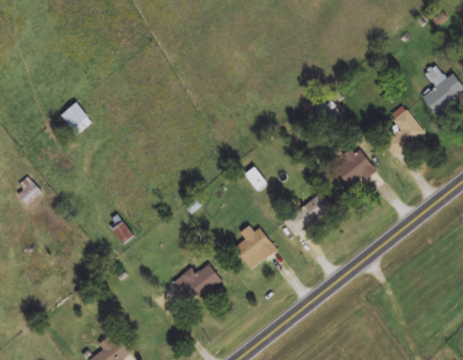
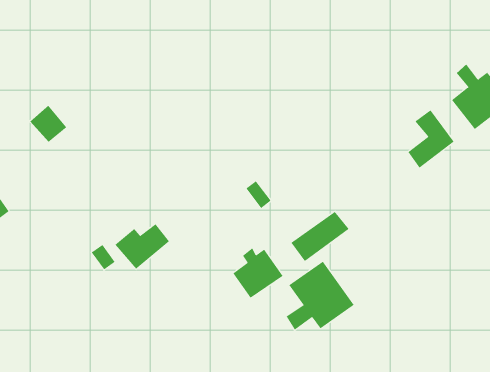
building: [332,150,374,190] -> none
building: none -> [286,261,355,330]
building: [172,262,220,302] -> [114,223,170,269]

